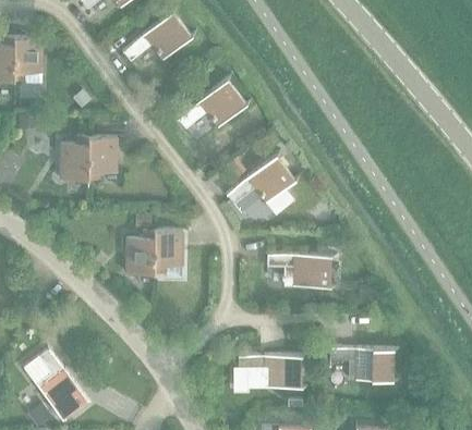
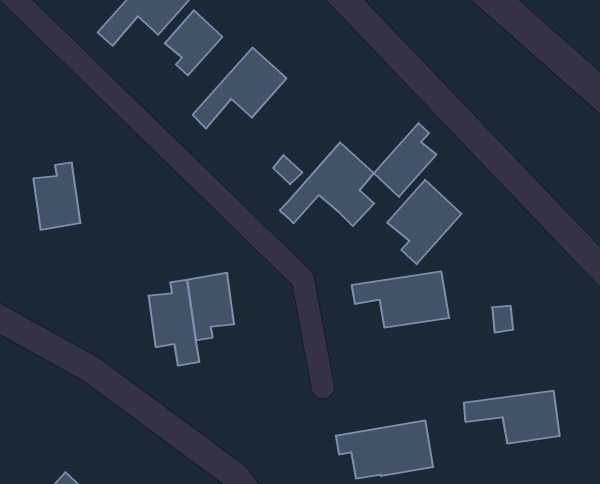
building: none -> [165,10,222,76]
building: [88,138,117,182] -> none
building: none -> [374,123,436,197]
building: none -> [387,180,462,264]

